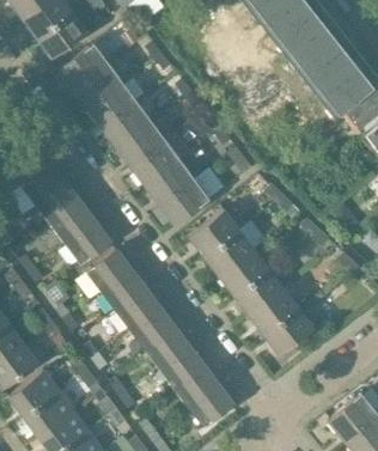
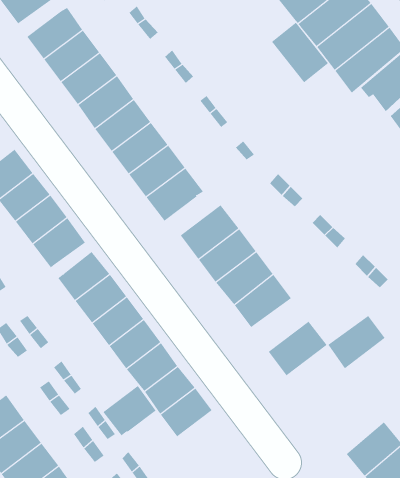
building: none -> [271,22,329,83]
building: [249,288,298,334] -> [327,315,386,369]
building: [187,383,232,426] -> [103,385,157,436]

